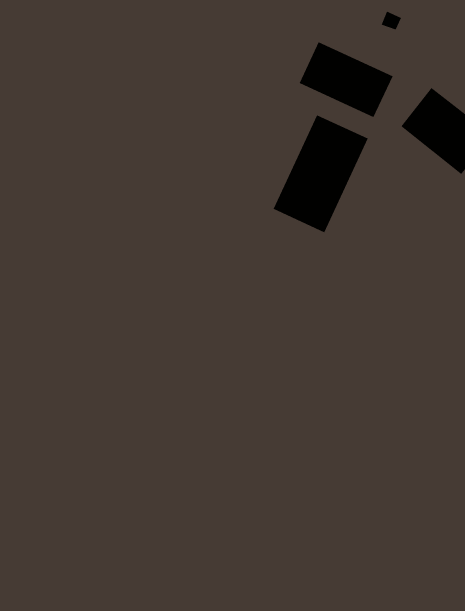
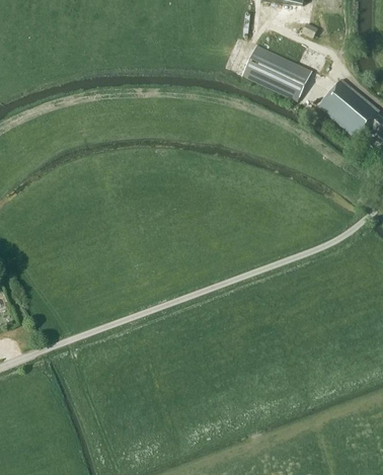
building: [273,115,369,233] -> none

